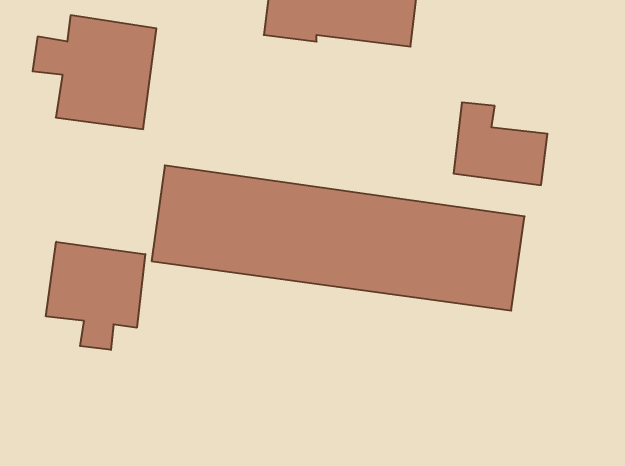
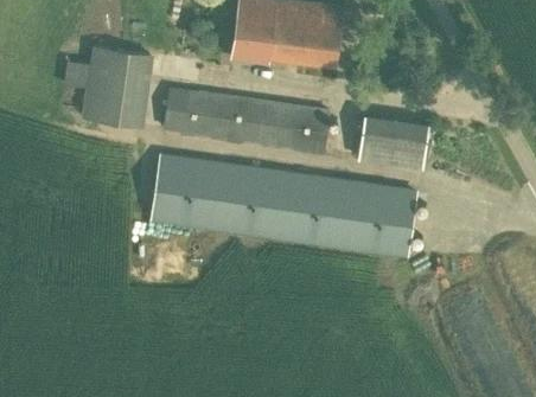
building: none -> [162,88,327,152]
building: [46,242,145,350] -> none

